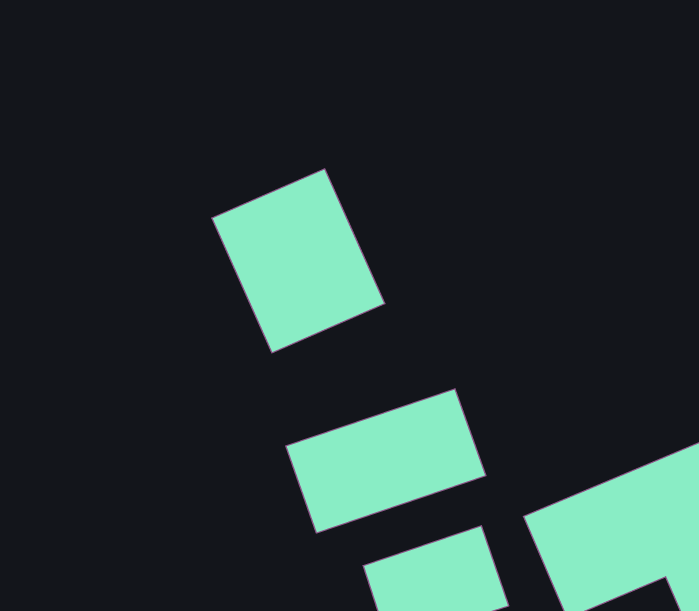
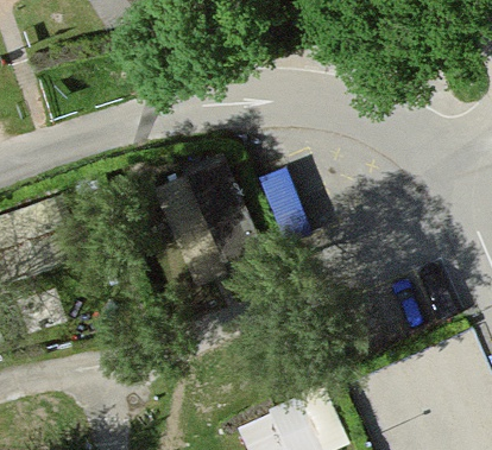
building: [286,389,486,533] -> none

